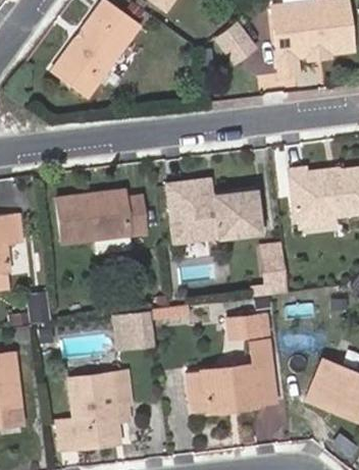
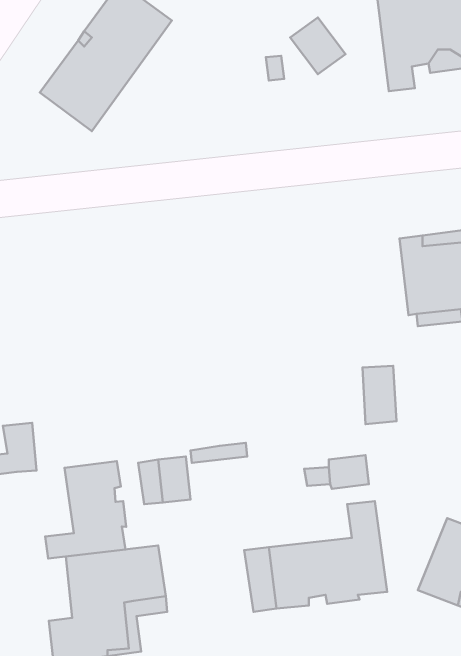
building: [167,179,260,241] -> none
building: [57,190,149,240] -> none
building: none -> [45,461,126,558]

